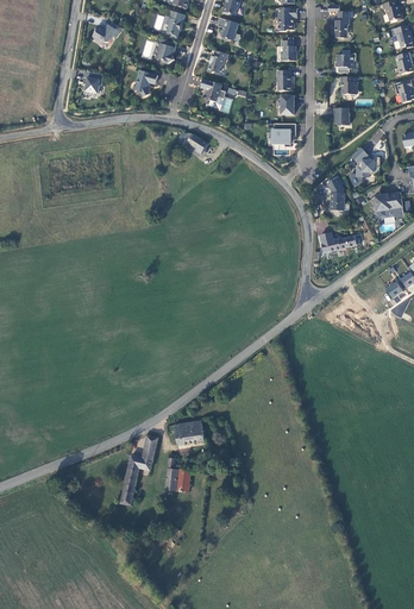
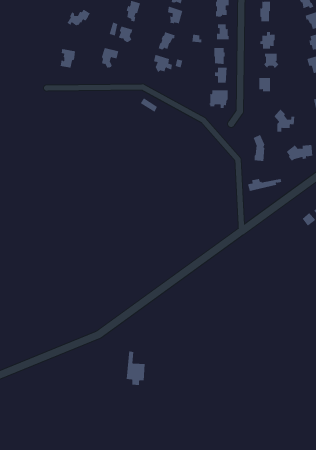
building: [175,420,205,444] -> none
building: [119,434,158,504] -> none

